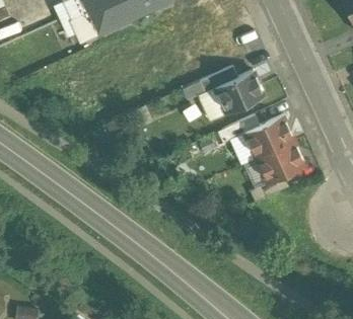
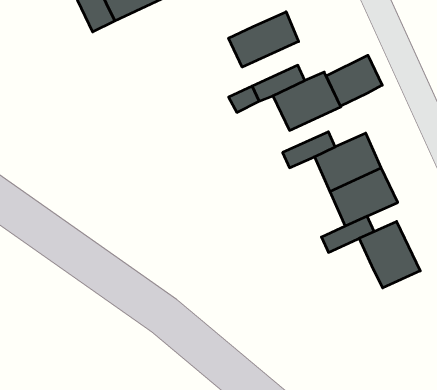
building: none -> [229,12,299,67]
building: none -> [326,55,382,106]
building: none -> [359,221,420,288]

